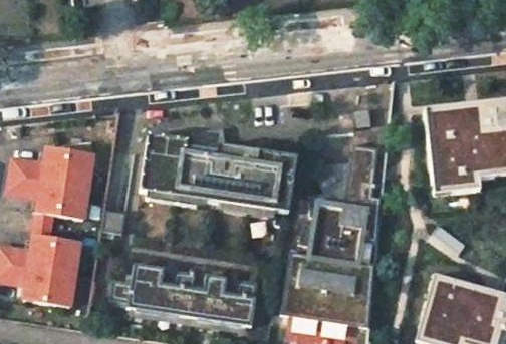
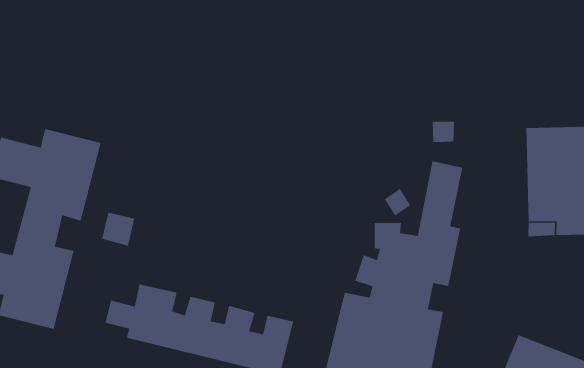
building: [139,130,296,212] -> none

